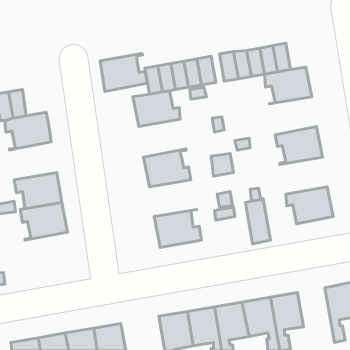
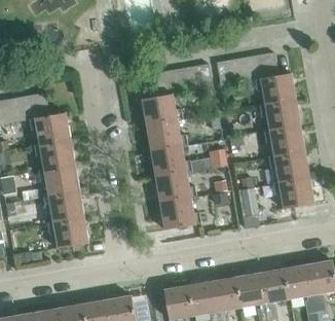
building: [100,54,147,92] -> [146,118,187,151]
building: none -> [259,99,300,132]
building: none -> [34,138,75,171]
building: none -> [268,151,309,183]
building: none -> [155,171,196,203]
building: none -> [47,216,88,248]
building: none -> [284,264,315,313]

